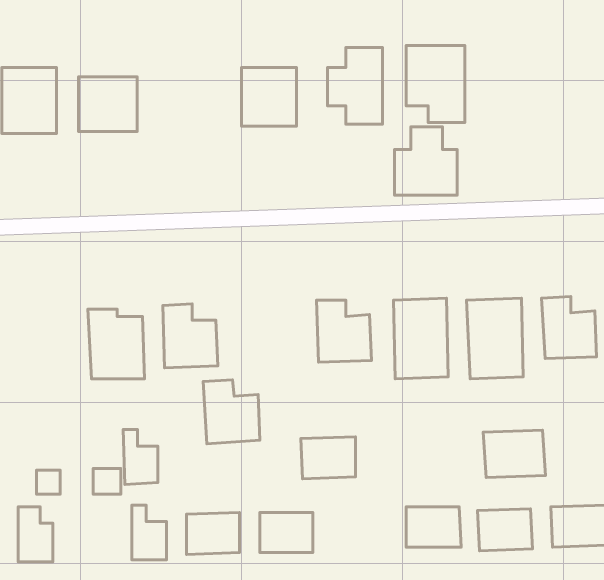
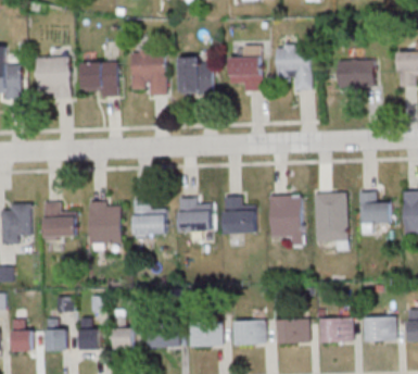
building: none -> [131,50,165,94]
building: none -> [338,61,376,87]
building: [394,127,457,195] -> none
building: none -> [42,201,76,239]
building: [203,380,260,444] -> [178,195,212,233]
building: [123,430,158,484] -> [80,319,101,351]
building: [483,430,546,477] -> none
building: [301,437,356,479] -> [233,320,266,345]

